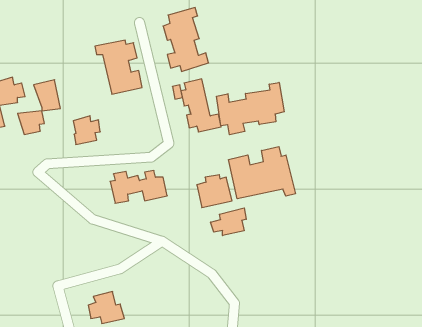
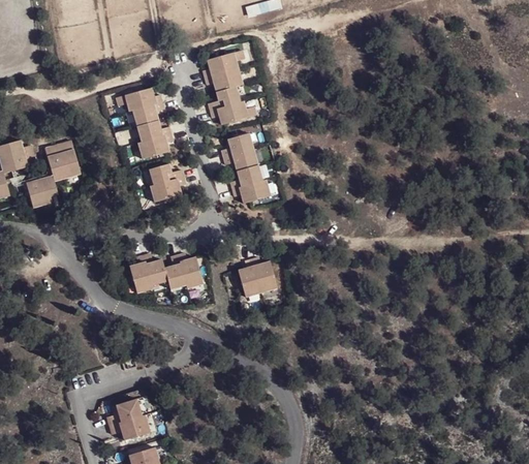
building: [217,82,284,135] -> none
building: [73,116,100,144] -> [151,164,184,199]
building: [229,147,295,199] -> none
building: [211,208,246,236] -> none

